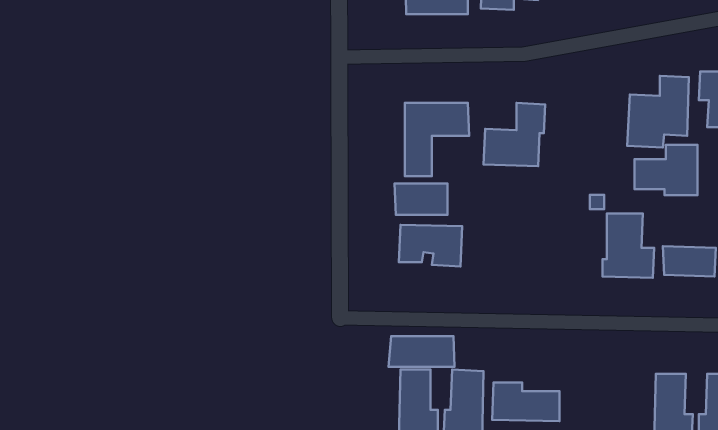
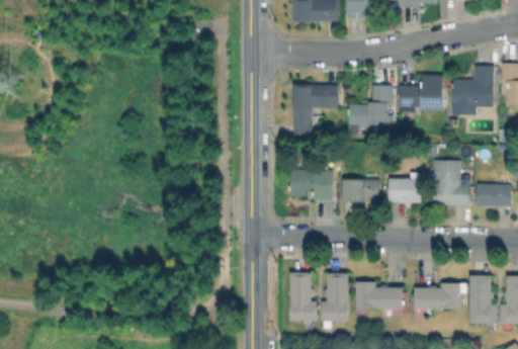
building: [634,145,697,195] -> [399,75,443,110]
building: [394,183,448,215] -> [342,179,379,201]
building: none -> [388,177,422,202]
building: [389,336,454,367] -> none
building: none -> [414,282,461,309]

